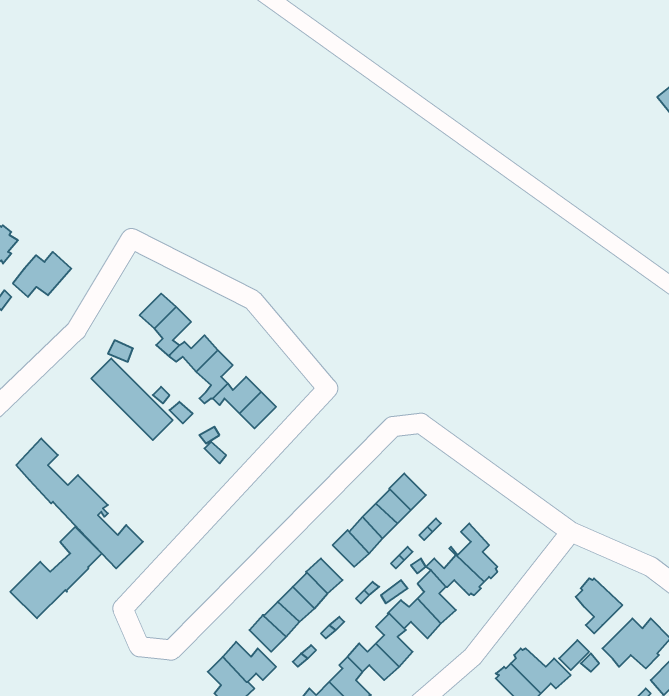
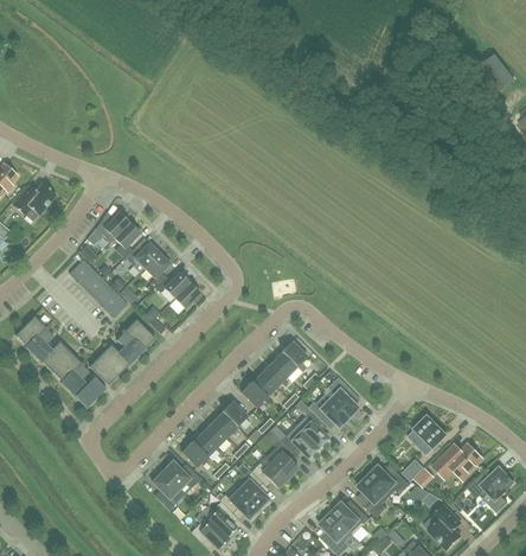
building: [10,527,102,618] -> [89,319,154,384]

